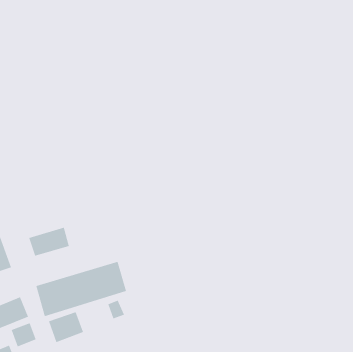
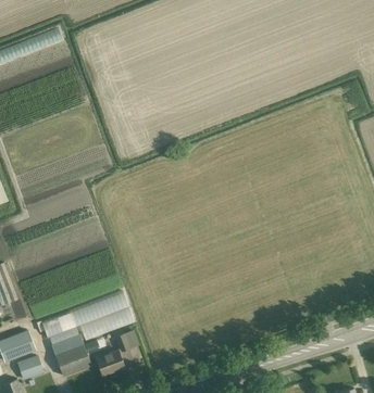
building: [29,227,69,257] -> none
building: none -> [98,351,126,376]

